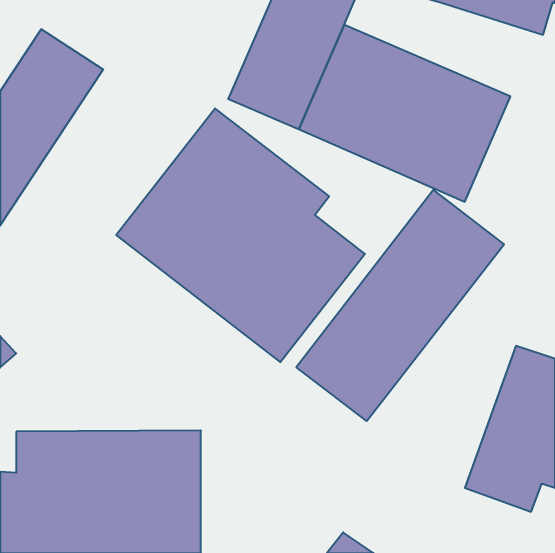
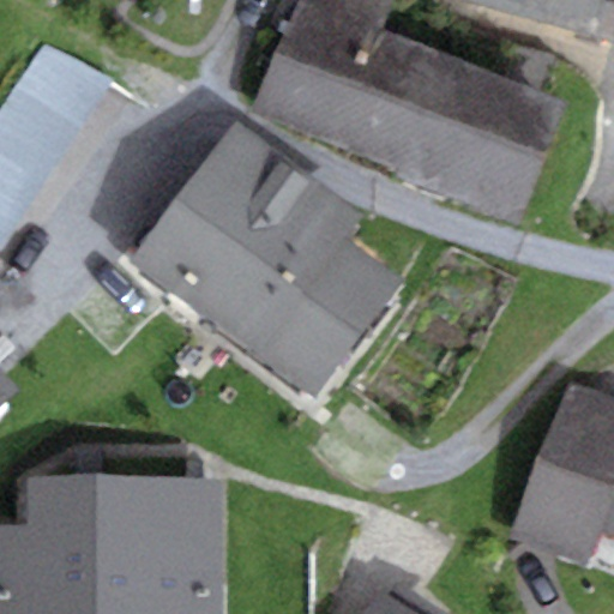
building: [296,190,504,421] -> none

